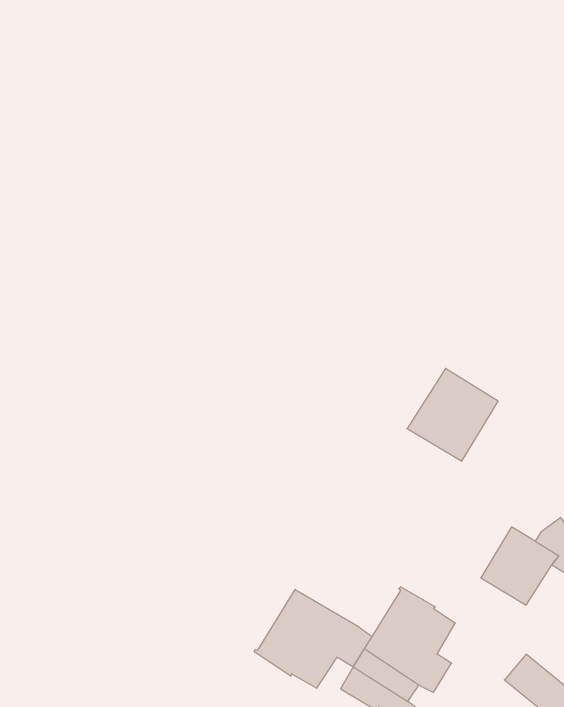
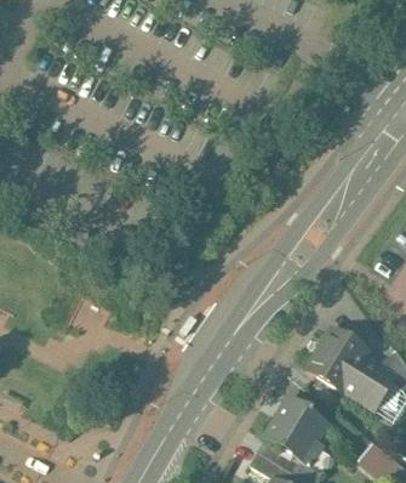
building: [407,368,498,461] -> [305,329,366,391]
building: [254,589,372,688] -> none

